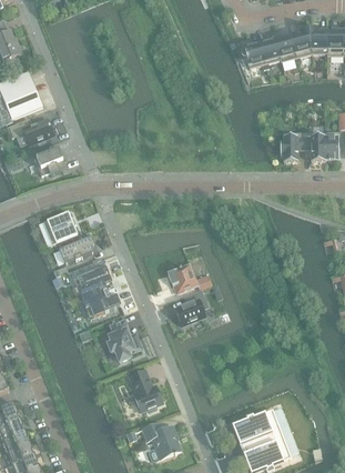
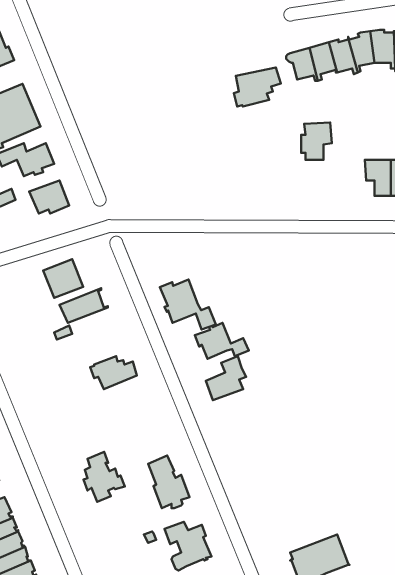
building: none -> [234,67,281,107]
building: [278,131,303,161] -> [301,122,332,160]
building: none -> [160,279,216,330]
building: [74,265,111,298] -> none
building: [106,320,140,360] -> [83,452,125,502]
building: [231,409,280,446] -> none

